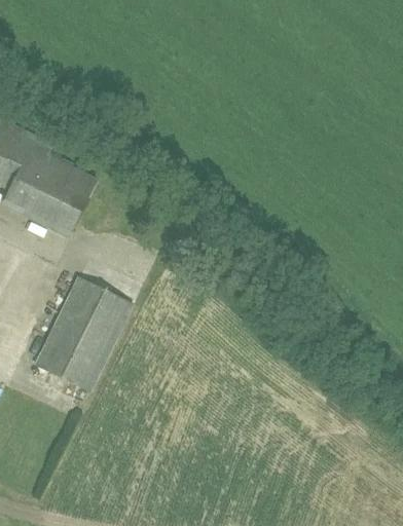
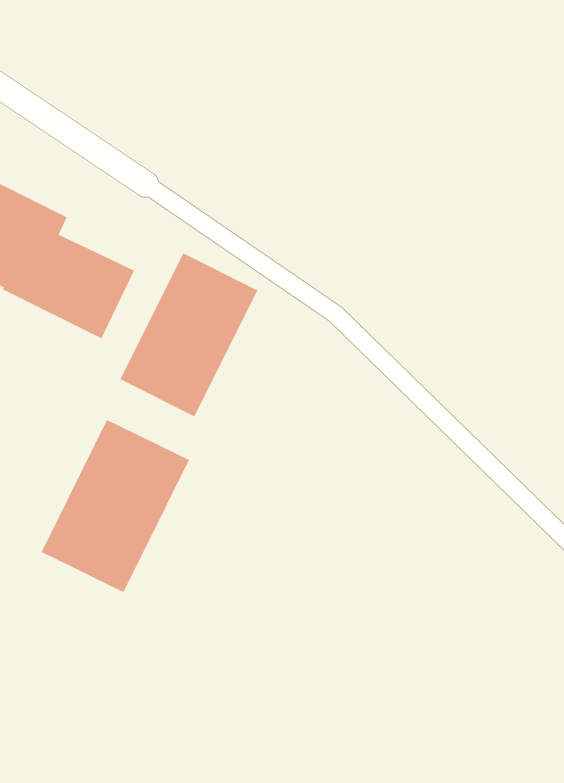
building: none -> [119,252,258,417]

